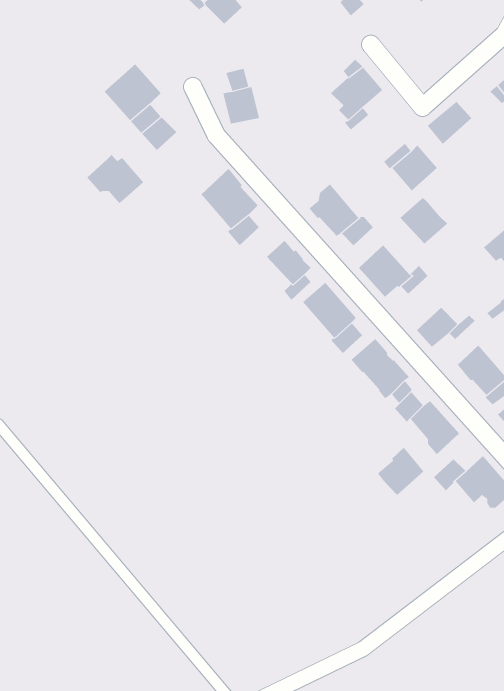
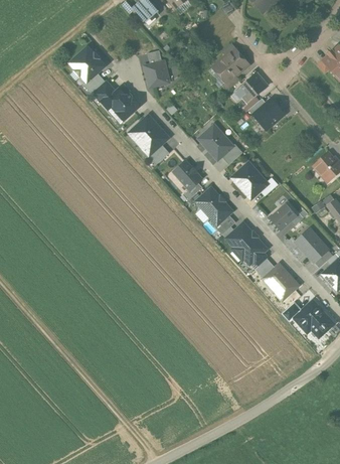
building: [427,101,472,145] -> [237,73,267,102]
building: [86,154,144,204] -> [103,88,140,120]
building: [399,197,448,245] -> none
building: [377,447,424,495] -> none

